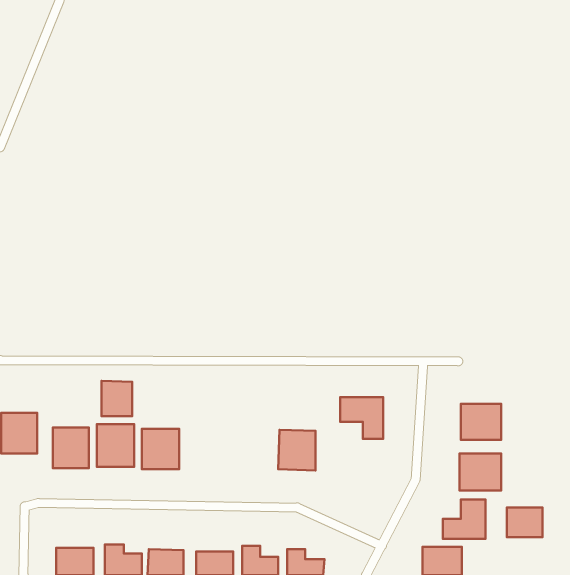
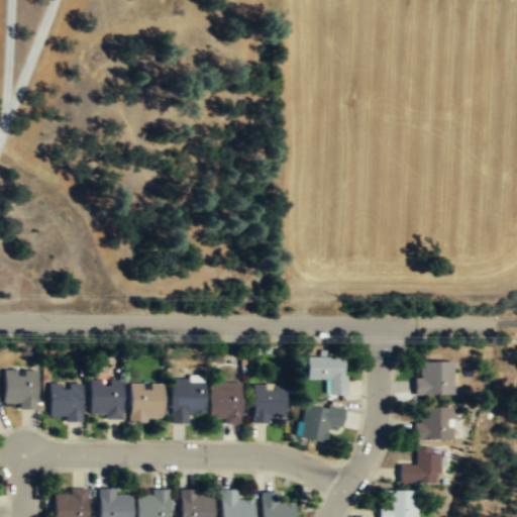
building: [101,381,132,416] -> none
building: none -> [174,380,206,423]
building: none -> [211,382,243,421]
building: none -> [301,403,346,440]
building: [507,507,542,537] -> none

